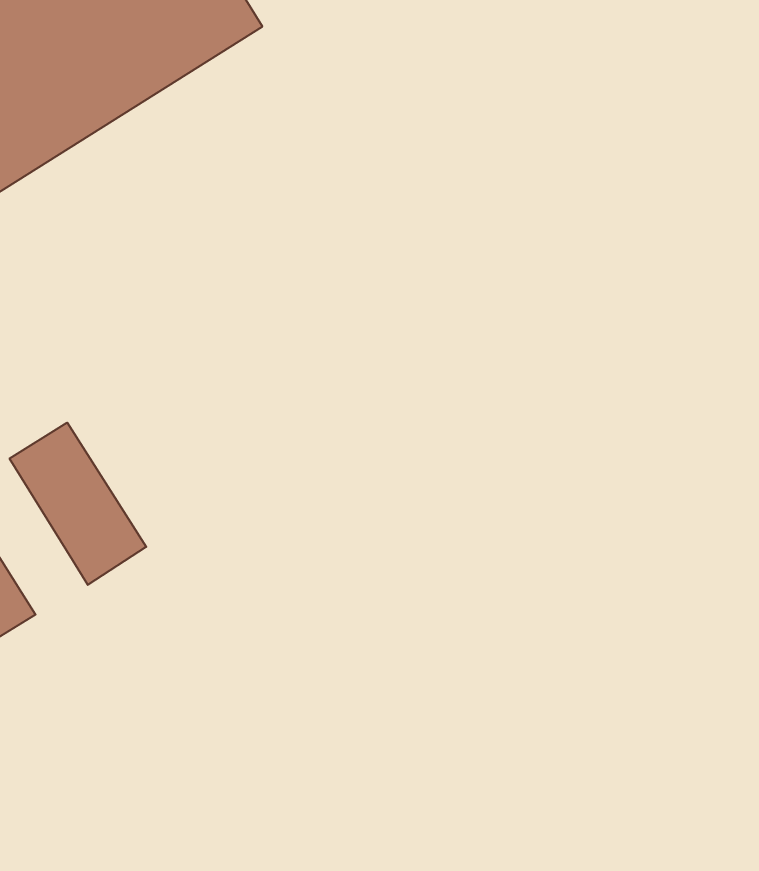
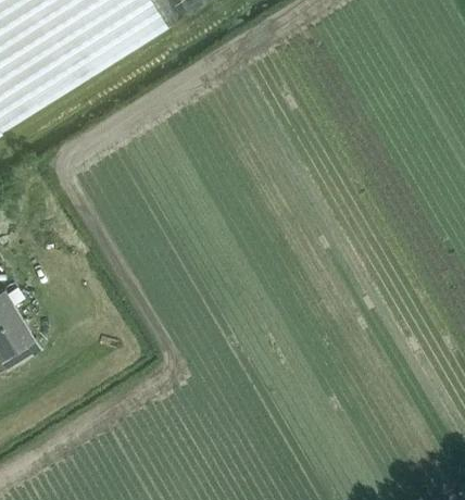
building: [10,423,146,585] -> none

